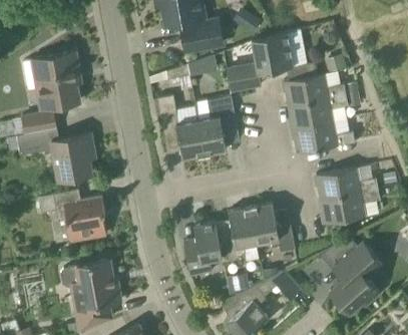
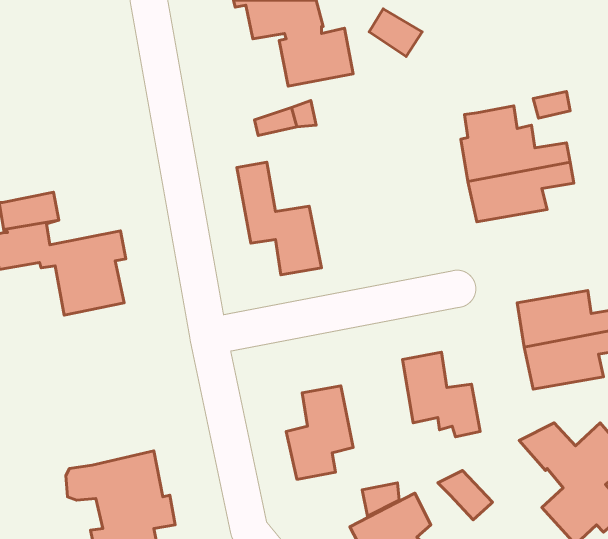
building: [226,33,293,92] -> none
building: [31,52,81,108] -> none
building: [194,96,237,155] -> none
building: [293,122,355,154] -> none
building: [38,190,106,242] -> none
building: [219,208,257,263] -> none

